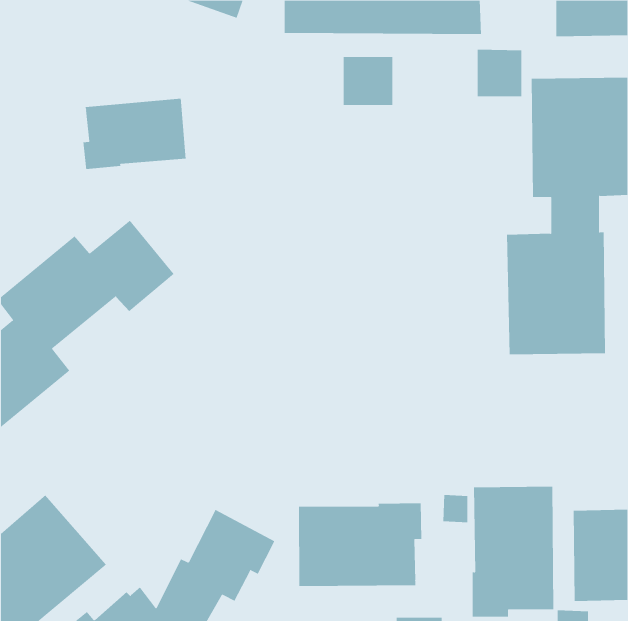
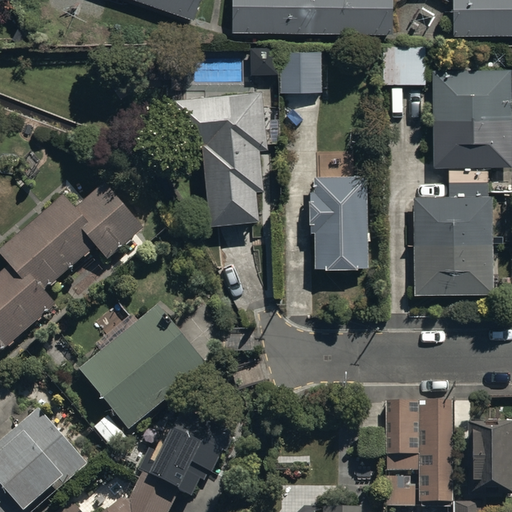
building: [83,98,186,170] -> none
building: none -> [175,91,267,220]
building: none -> [308,173,367,265]
building: none -> [80,305,206,428]
building: [298,502,422,587] -> none

